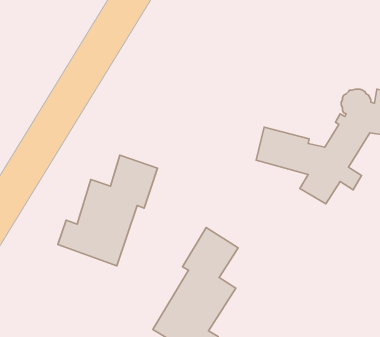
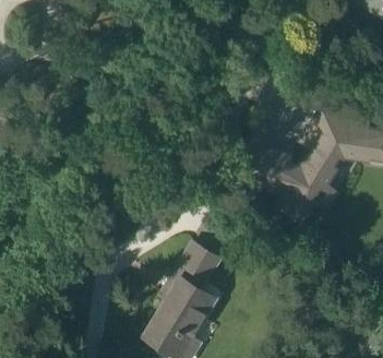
building: [58,155,157,266] -> none

